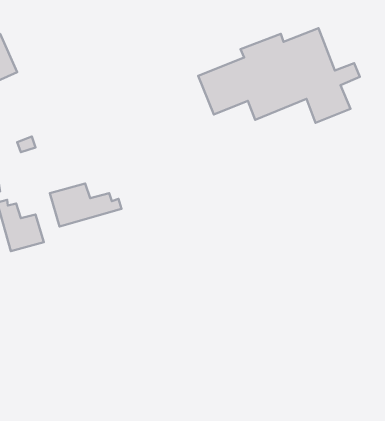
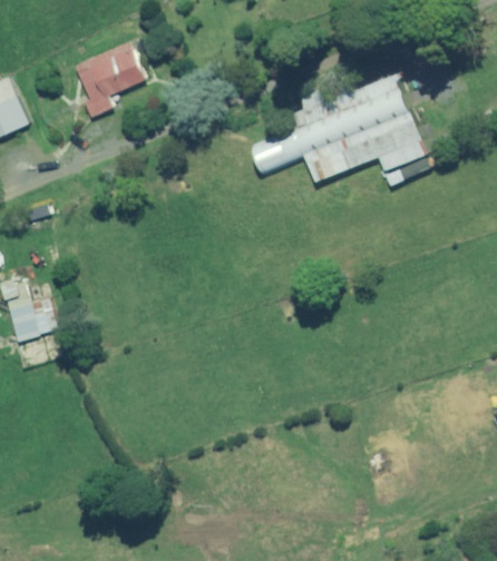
building: none -> [75,42,146,118]
building: [50,184,122,226] -> none

